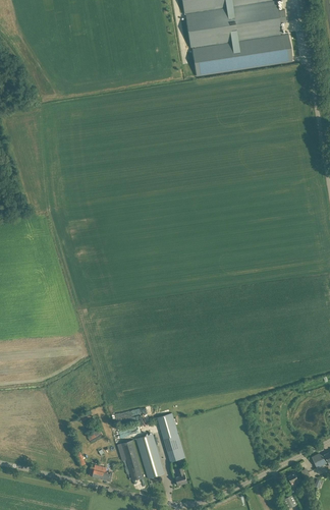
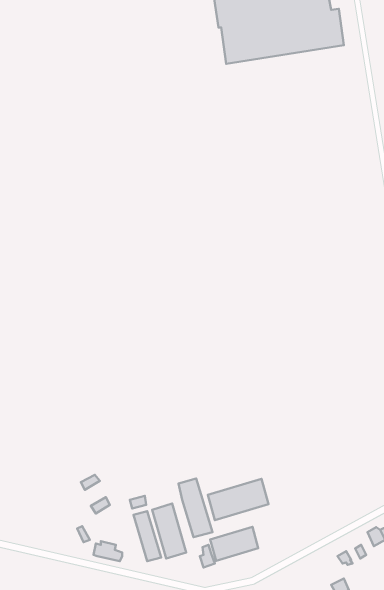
building: none -> [208,479,268,520]
building: none -> [210,527,258,561]

